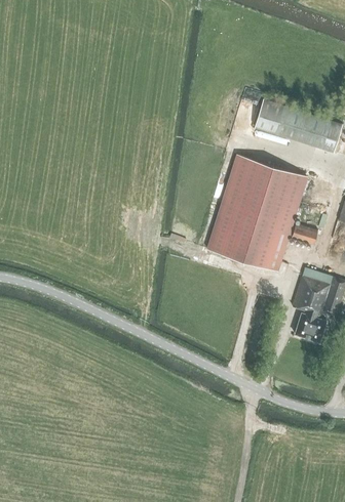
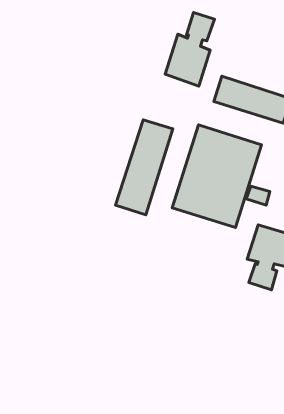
building: none -> [165,13,214,86]
building: none -> [115,120,173,215]

